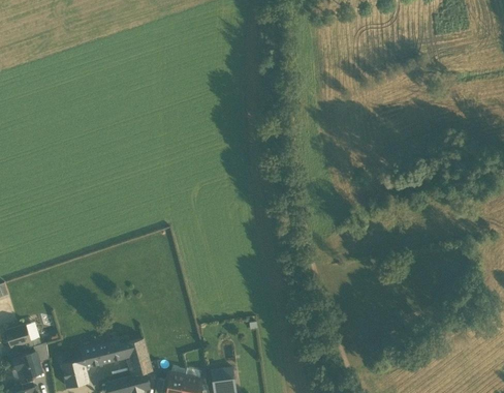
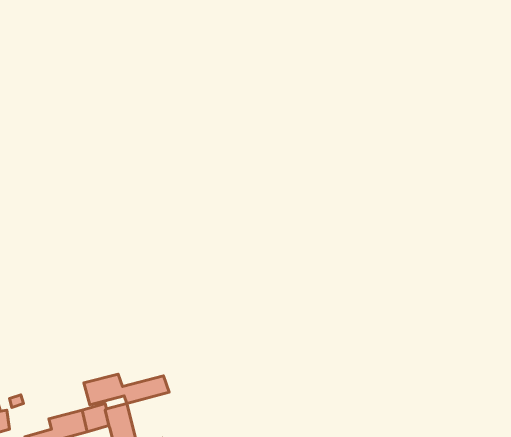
building: none -> [84,374,169,405]

